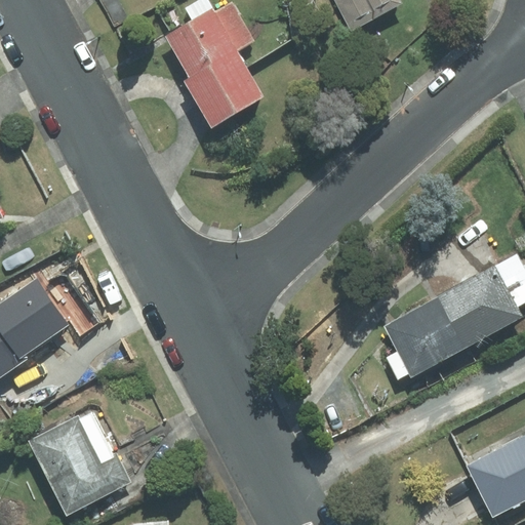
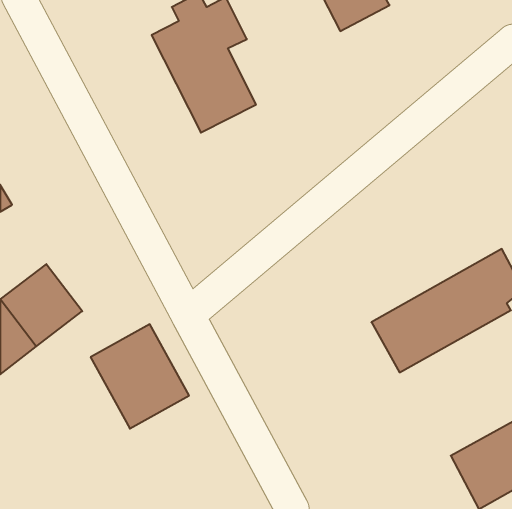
building: [38,398,138,504] -> [91,324,189,429]

